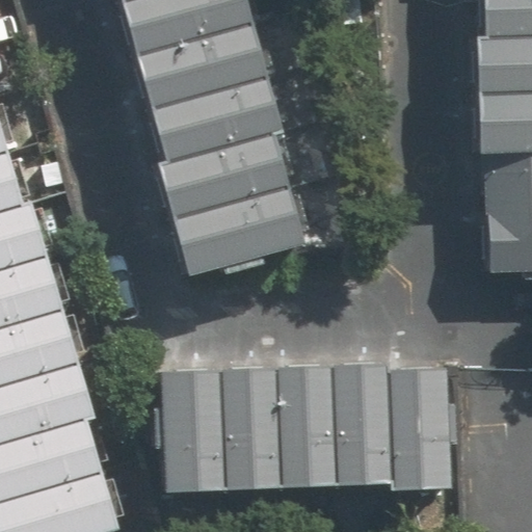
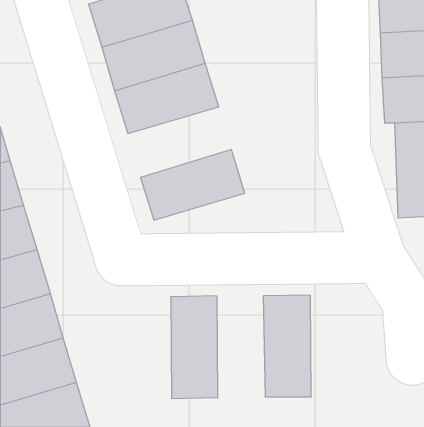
building: [165,132,293,219] -> none
building: [391,364,449,490] -> none
building: [275,366,335,491] -> none
building: [160,367,219,494] -> none

